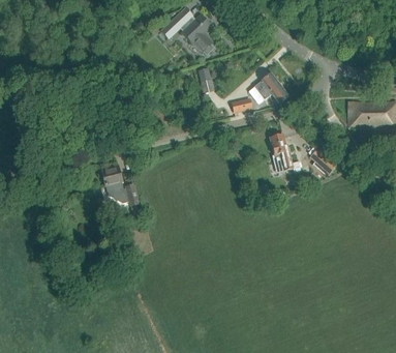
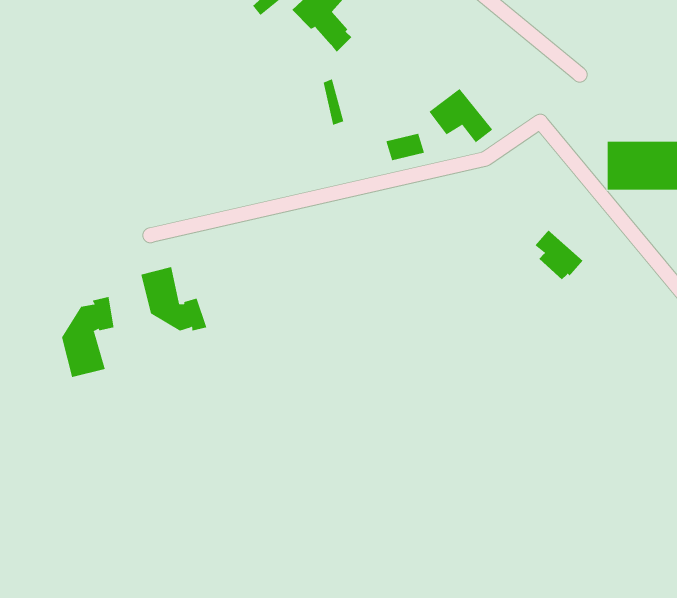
building: [270,134,301,172] -> none
building: none -> [61,296,114,378]

